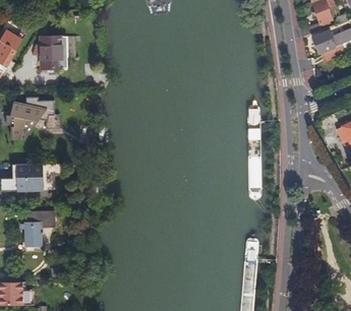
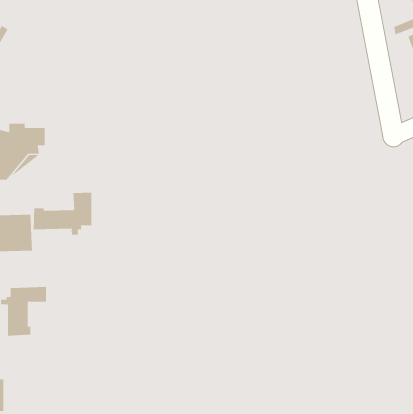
building: [41,38,67,69] -> none
building: none -> [33,192,92,236]

